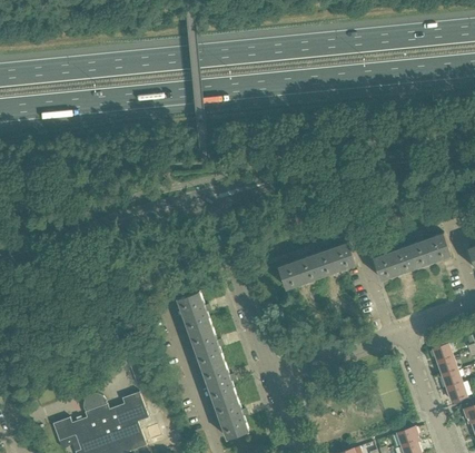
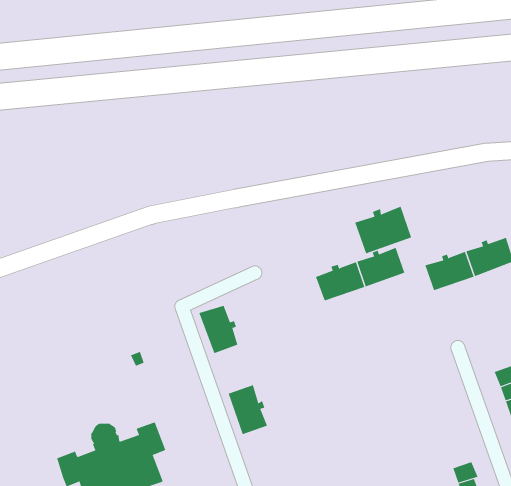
building: none -> [354,206,412,254]
building: [189,326,224,368] -> none
building: [214,396,248,439] -> none

